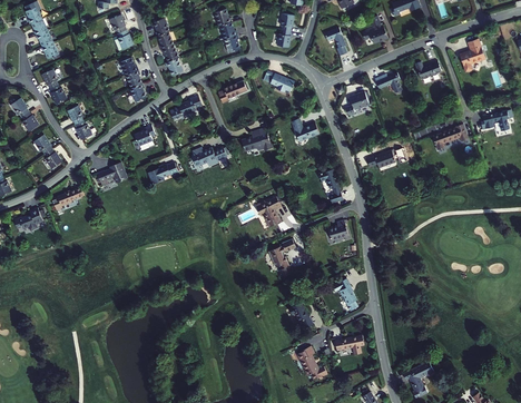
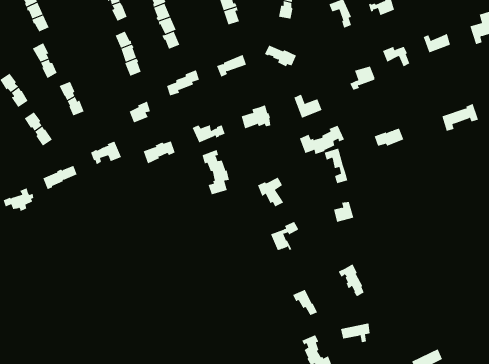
building: none -> [299,125,345,155]
building: none -> [202,149,229,195]

